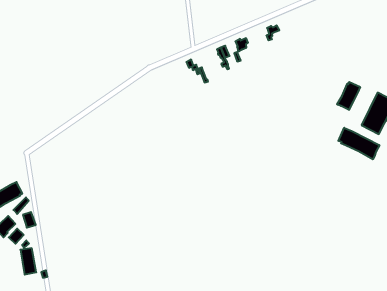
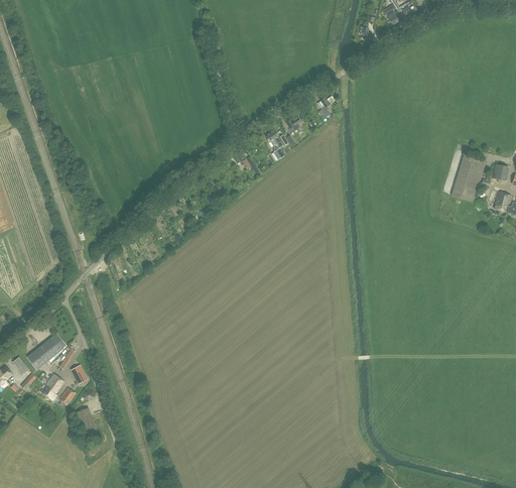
building: [337,82,360,110] -> none
building: [338,128,379,159] -> none

